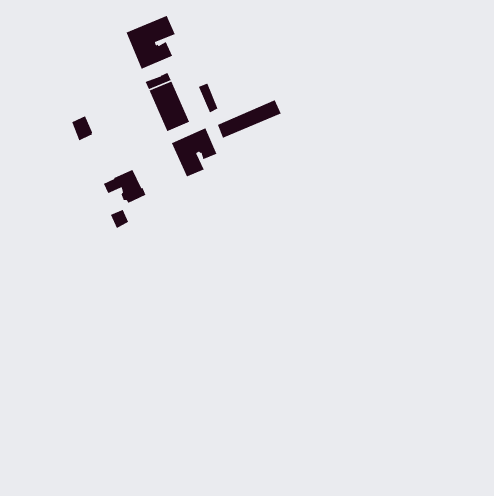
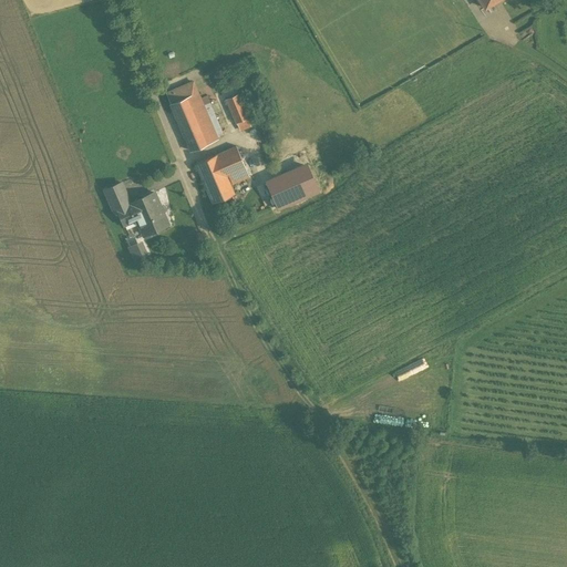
building: [126,15,176,70] -> none
building: [217,99,282,139] -> [258,158,332,204]
building: [71,115,93,141] -> [106,182,132,212]

